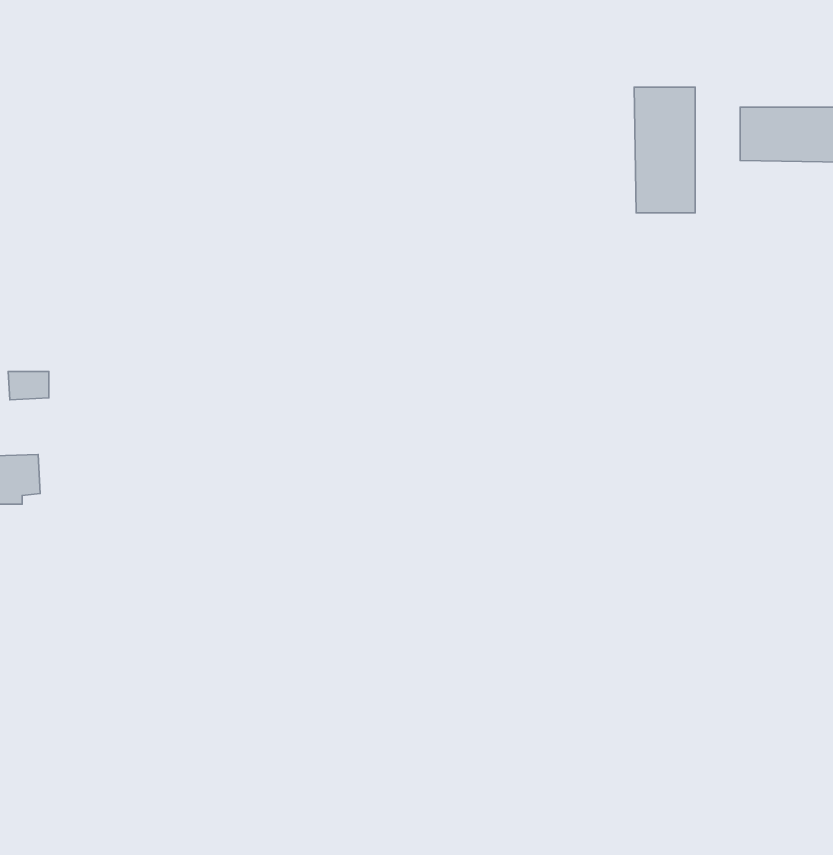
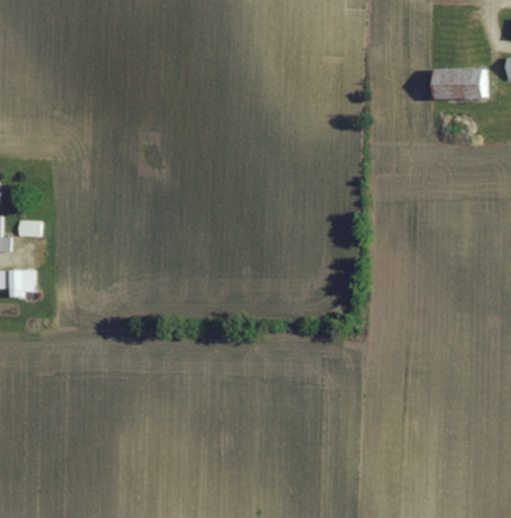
building: [634,87,695,213] -> none

